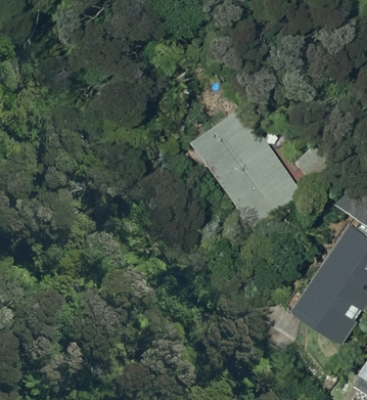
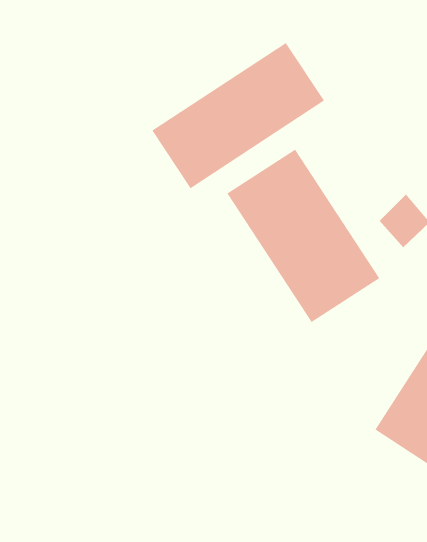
building: none -> [152,42,325,189]

